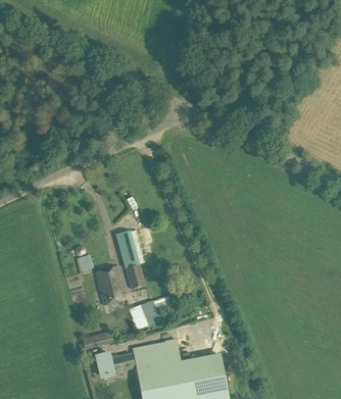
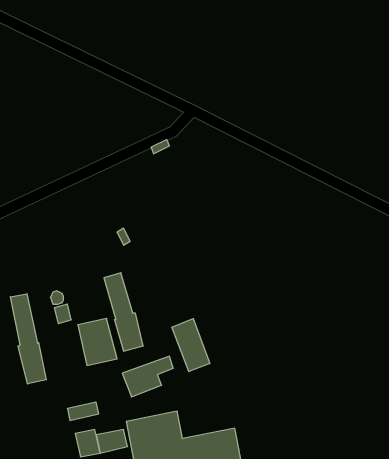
building: none -> [10,294,46,384]
building: none -> [172,319,210,372]

